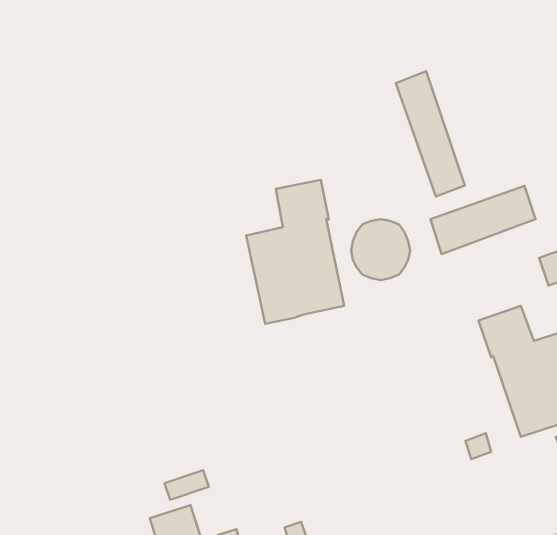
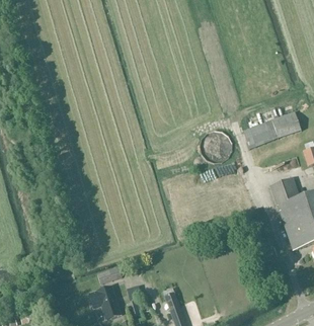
building: [396,71,465,197] -> none
building: [246,180,344,324] -> none

